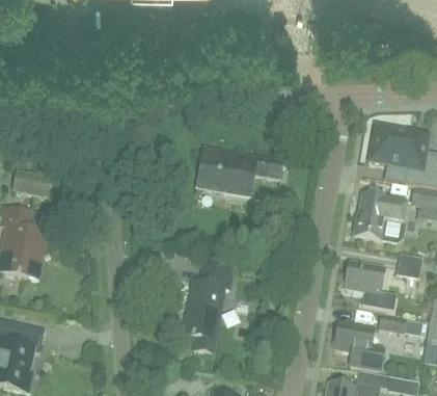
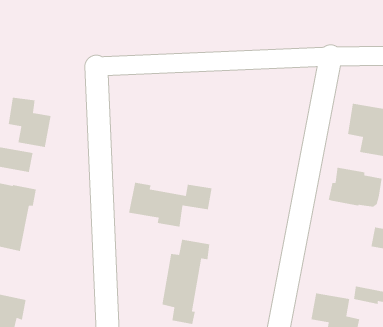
building: none -> [8,97,51,148]
building: [197,150,283,196] -> [128,182,213,227]
building: [345,260,397,310] -> none

